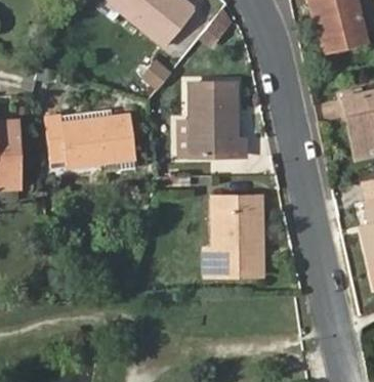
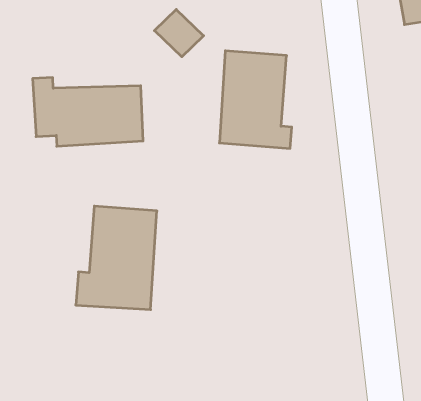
building: [206,198,263,274] -> [76,206,157,310]

